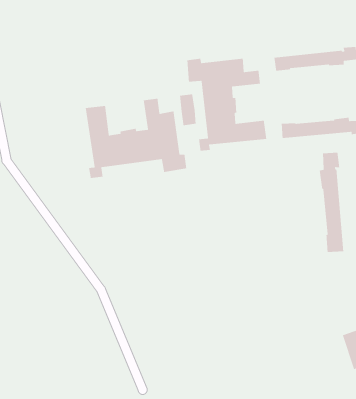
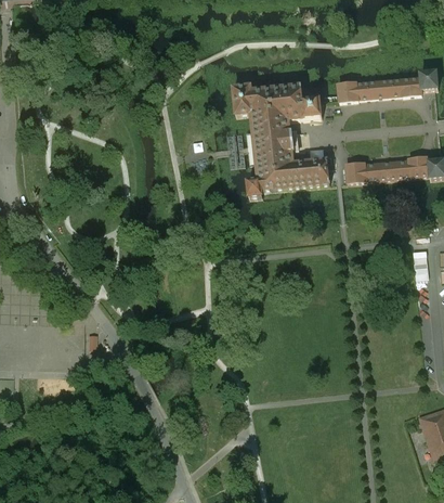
building: [85,98,187,179] -> none
building: [319,152,344,253] -> none

